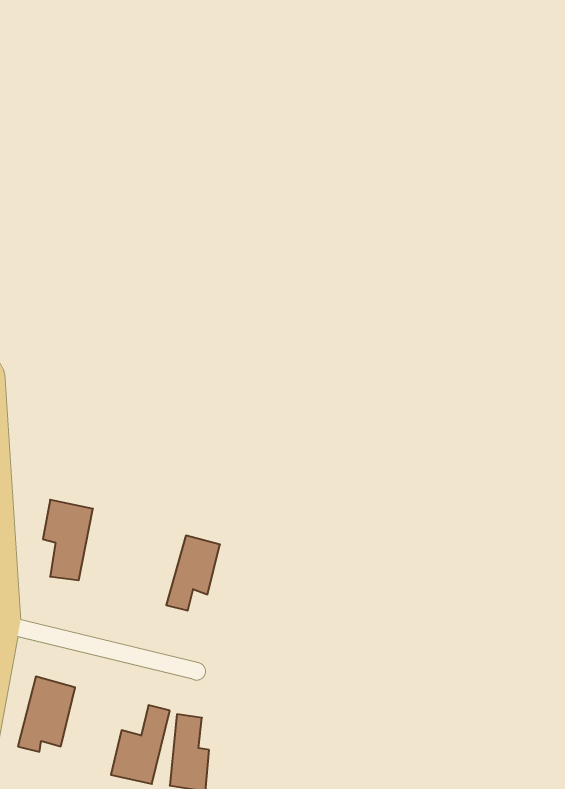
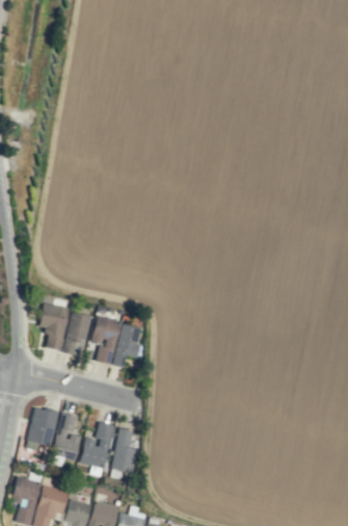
building: none -> [61,311,91,354]
building: none -> [91,315,121,364]
building: none -> [51,412,80,459]

